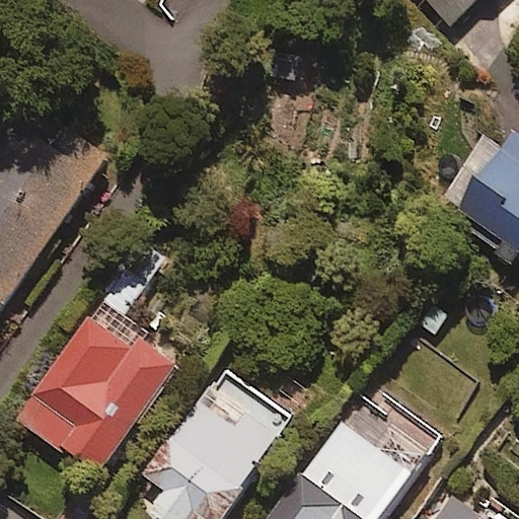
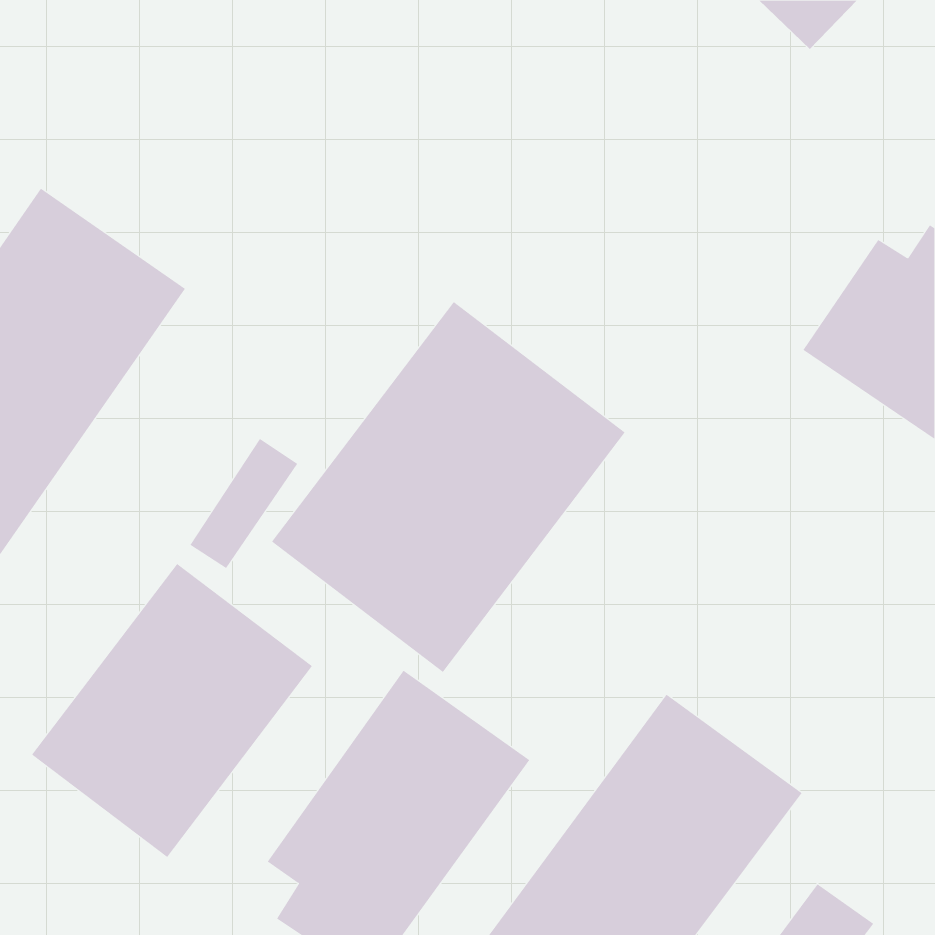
building: none -> [271,301,626,673]

